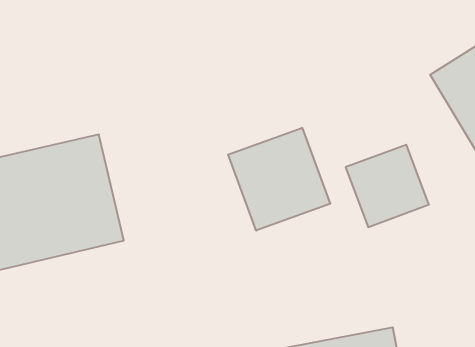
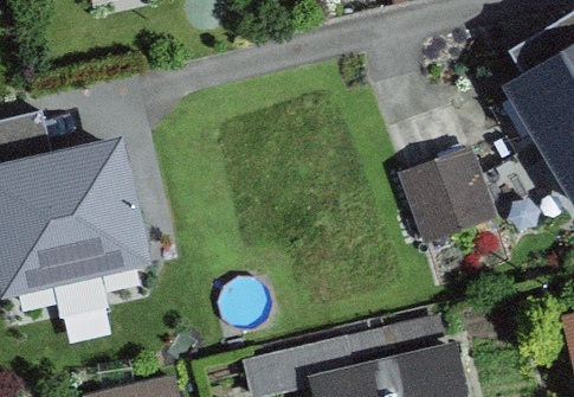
building: [228,128,330,231] -> none

